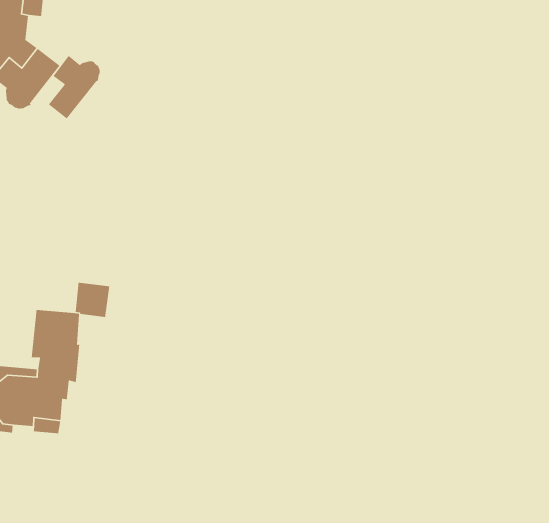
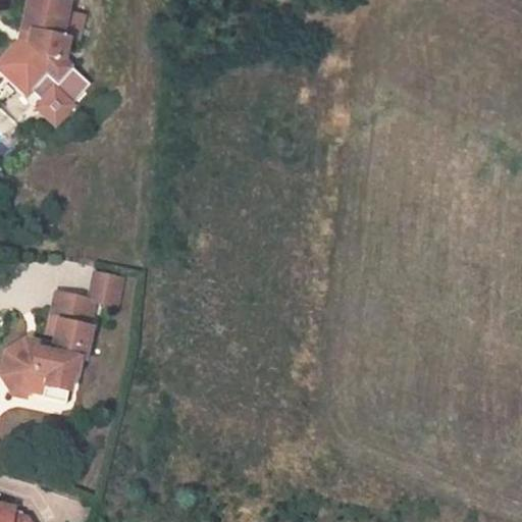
building: [48,55,101,120] -> none

